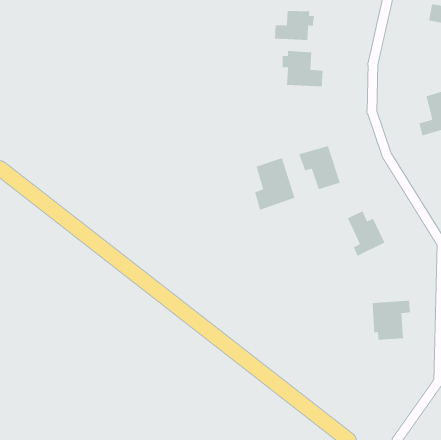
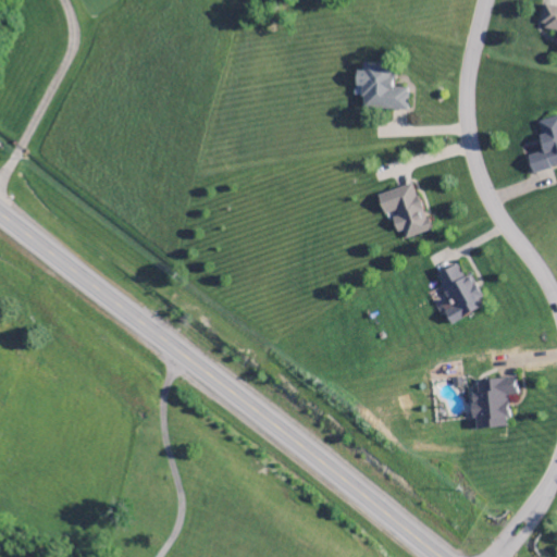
building: [274,10,315,41] -> none
building: [254,157,296,211] -> none

